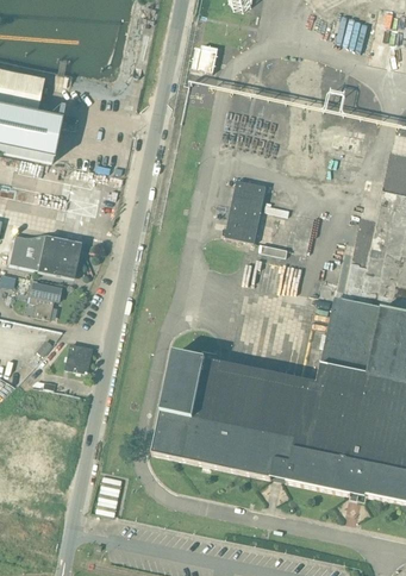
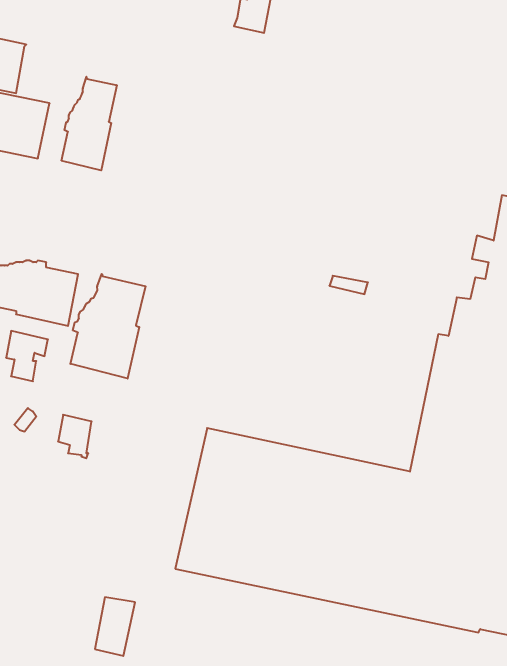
building: none -> [62,77,117,170]
building: [224,179,267,240] -> none
building: none -> [70,274,146,379]

